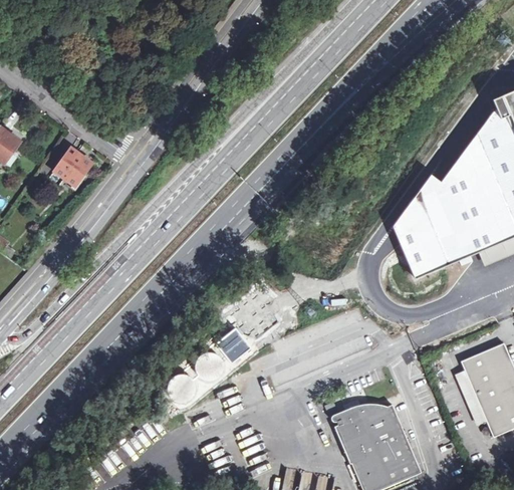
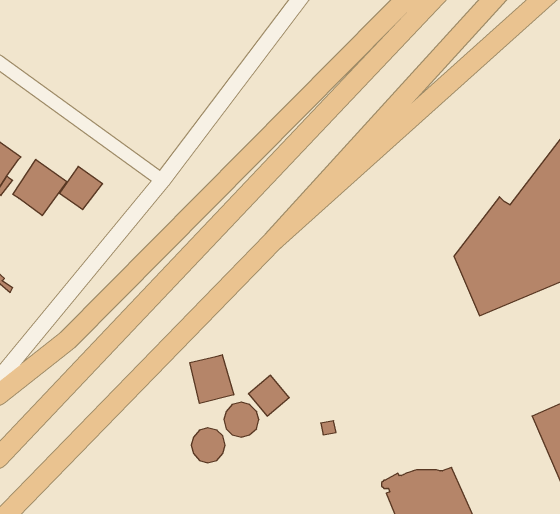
building: none -> [13,159,67,216]
building: none -> [190,355,234,403]

